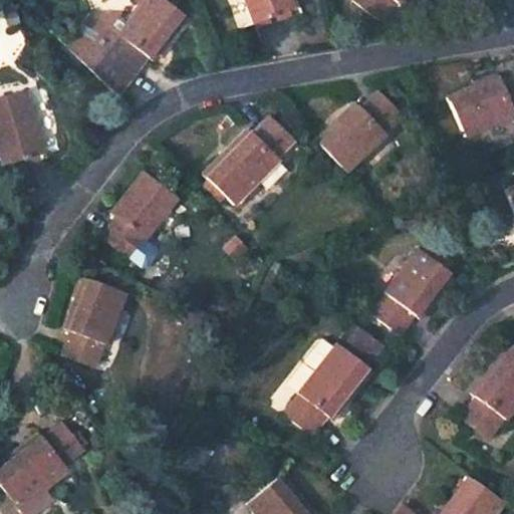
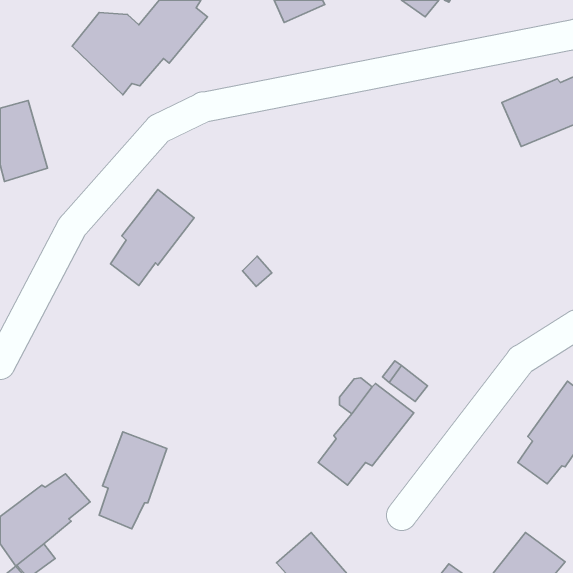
building: [319,90,401,171] -> none
building: [207,114,294,202] -> none
building: [373,247,452,334] -> none
building: [63,281,123,367] -> [99,432,167,529]

